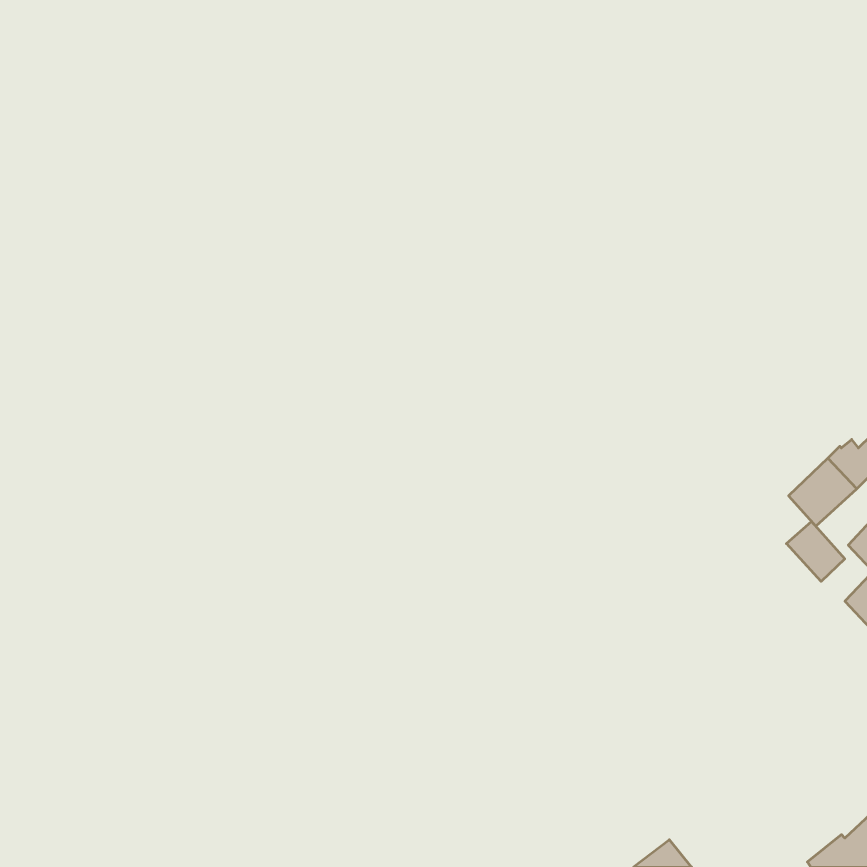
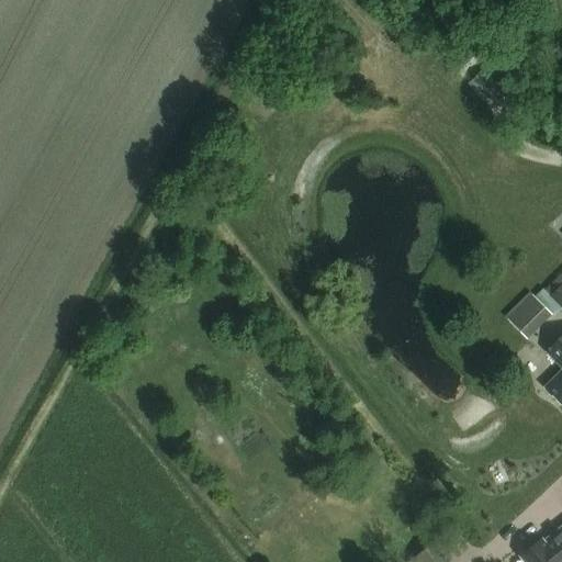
building: [786,521,845,581] -> none

